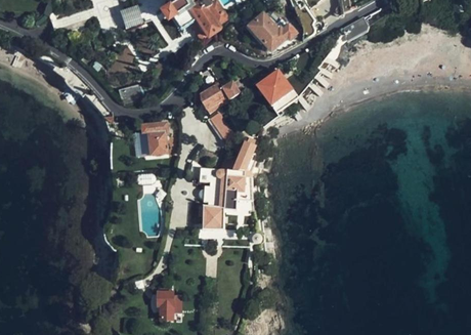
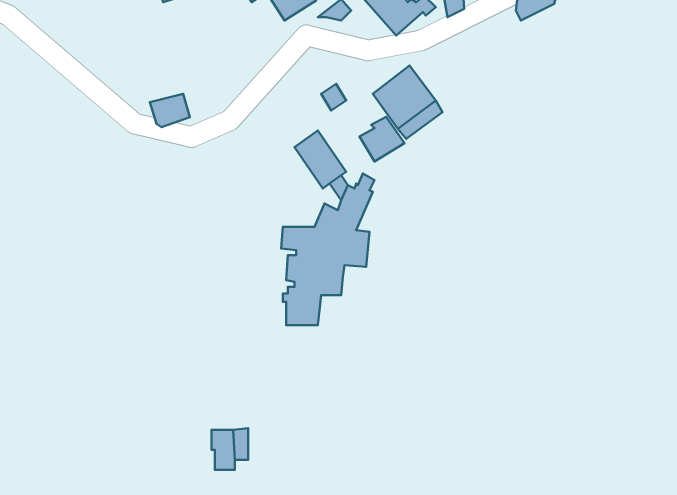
building: [202,84,229,112] -> [359,117,404,162]
building: [139,120,167,156] -> none

